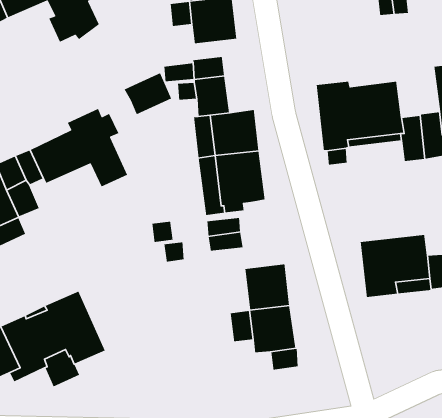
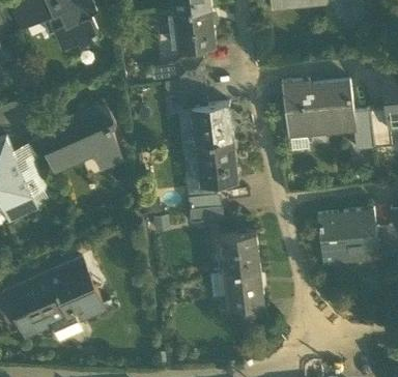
building: [124,72,172,115] -> none

